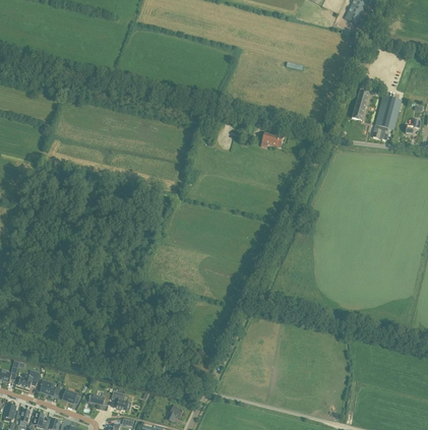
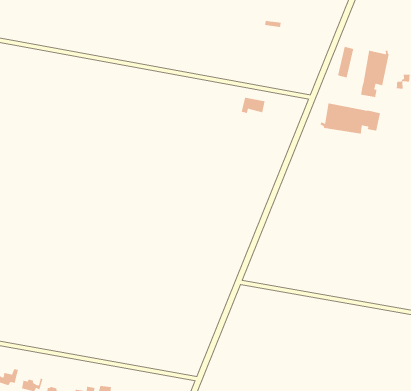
building: none -> [319,102,381,135]

